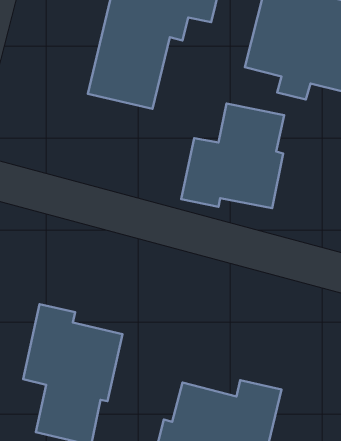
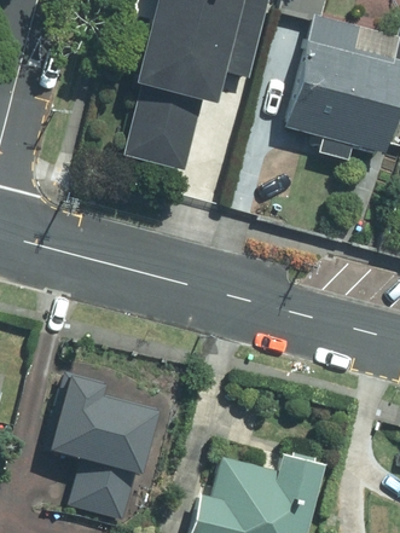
building: [181,104,284,208] -> none

